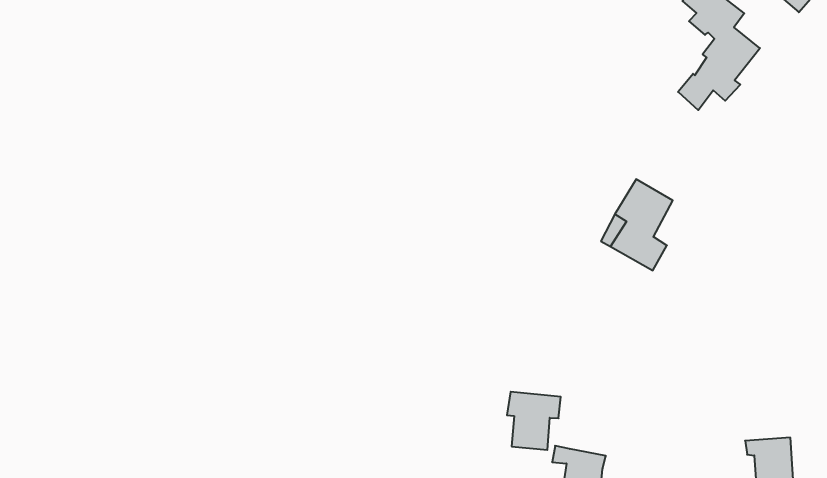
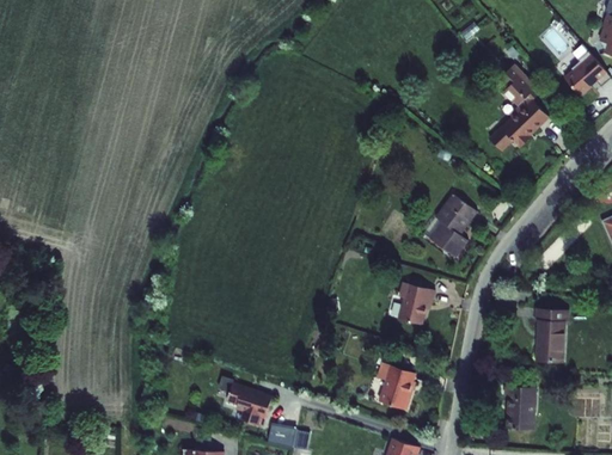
building: none -> [534,302,568,357]
building: [507,392,561,450] -> [397,283,435,326]

